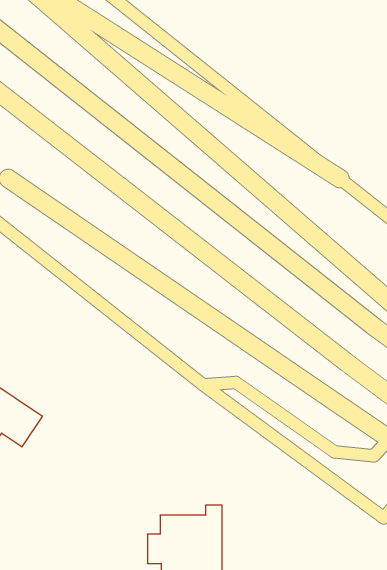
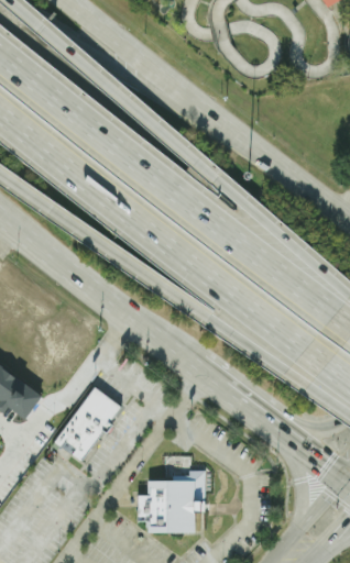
building: none -> [54,386,120,462]

